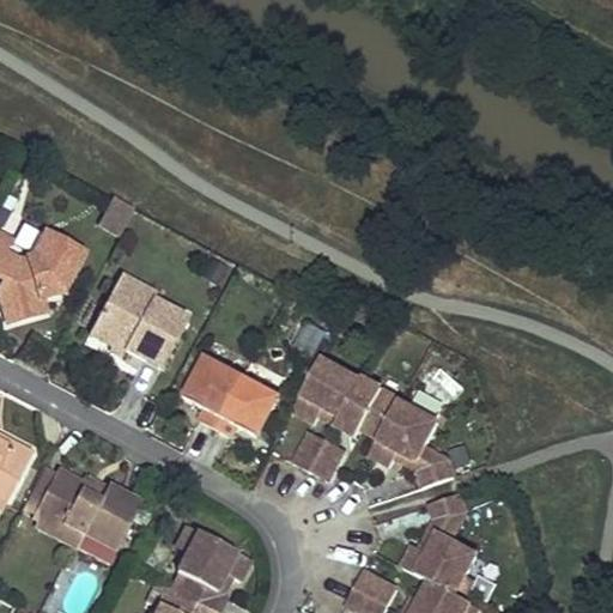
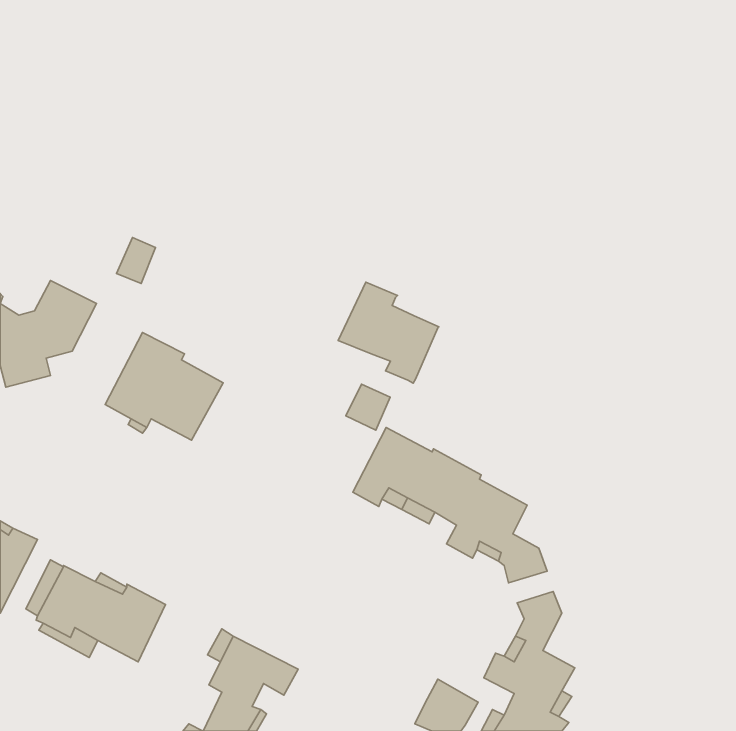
building: none -> [338,282,439,383]
building: [183,357,278,437] -> none
building: [293,429,344,480] -> none

